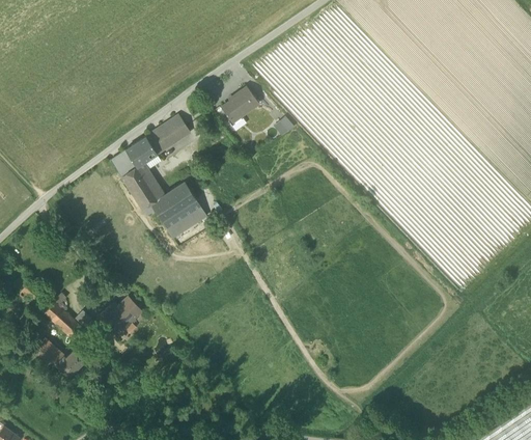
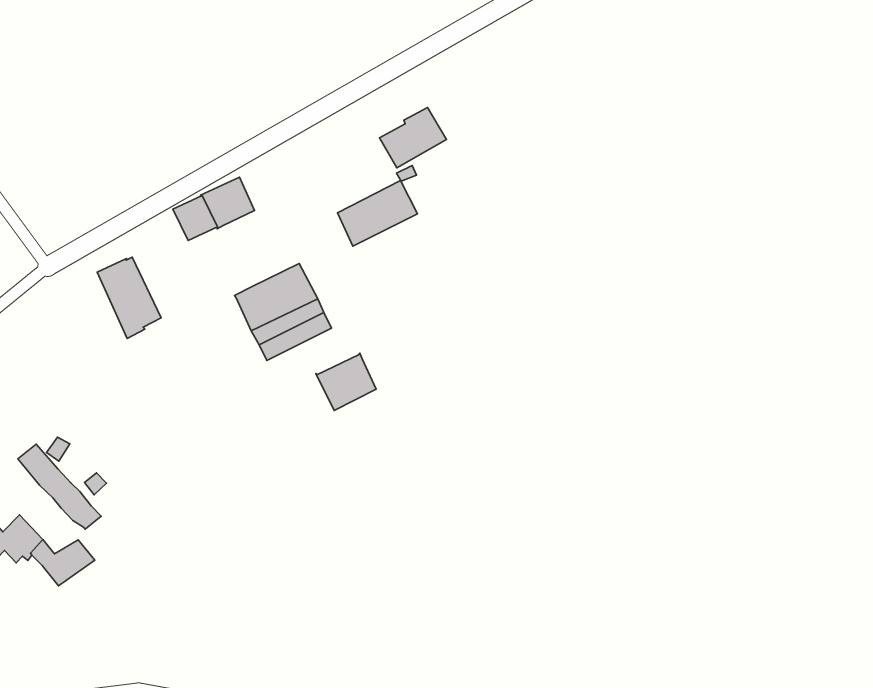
building: [146,115,191,155] -> [338,180,418,246]
building: [121,165,160,211] -> [97,257,161,339]
building: none -> [316,353,376,410]
building: [99,298,142,337] -> none

